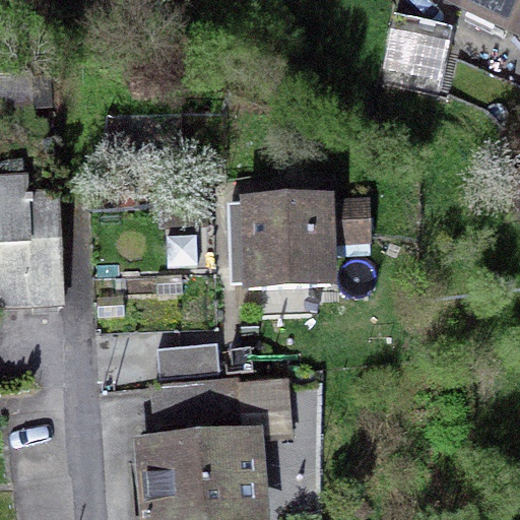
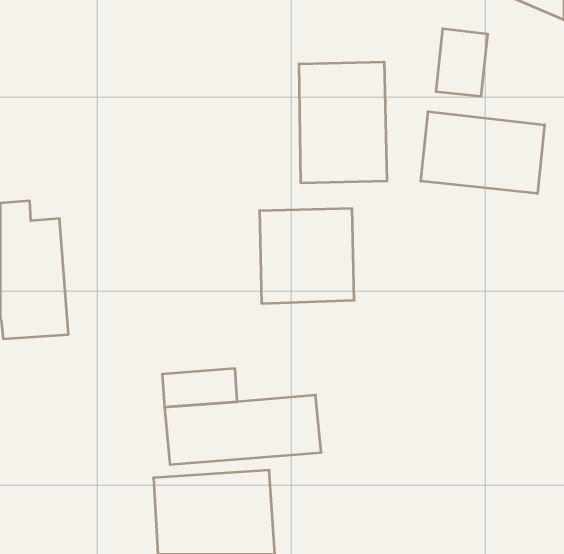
building: none -> [299,62,387,183]
building: none -> [421,112,545,194]

